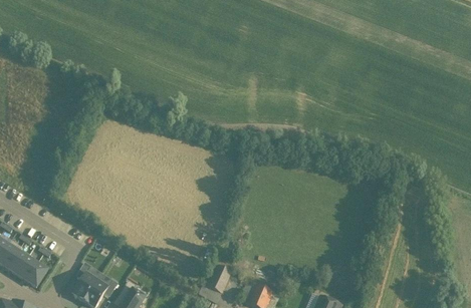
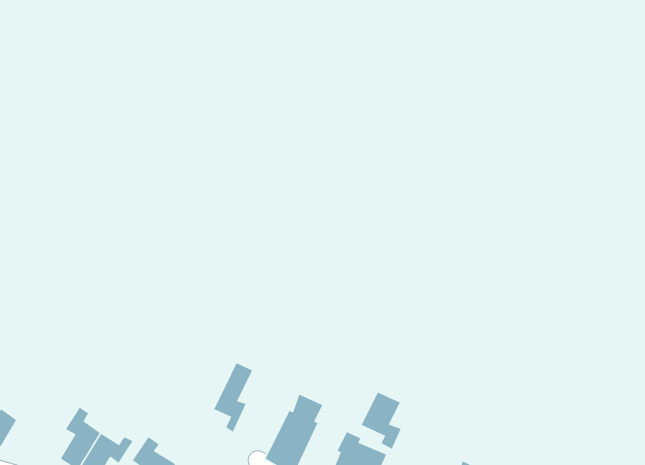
building: none -> [213,362,253,433]
building: none -> [361,391,402,450]

